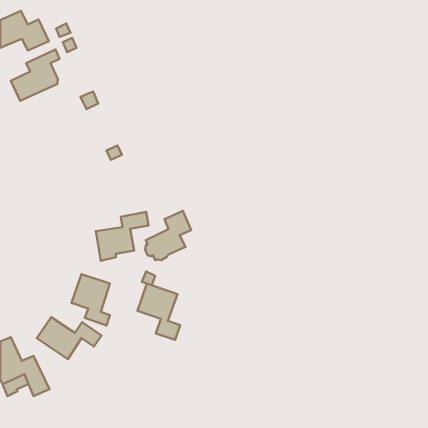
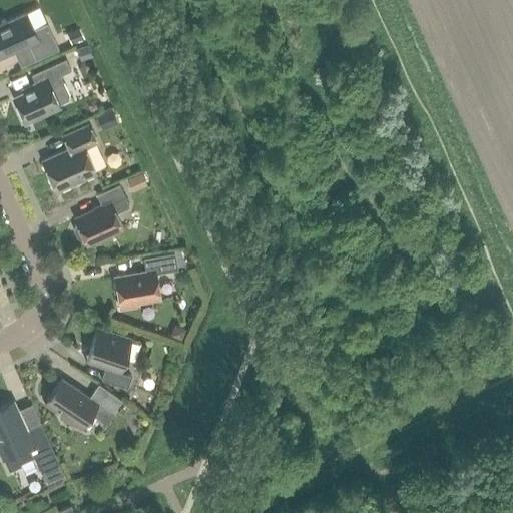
building: none -> [43,126,98,193]
building: [145,211,191,260] -> [75,186,130,245]
building: [137,283,180,340] -> none

